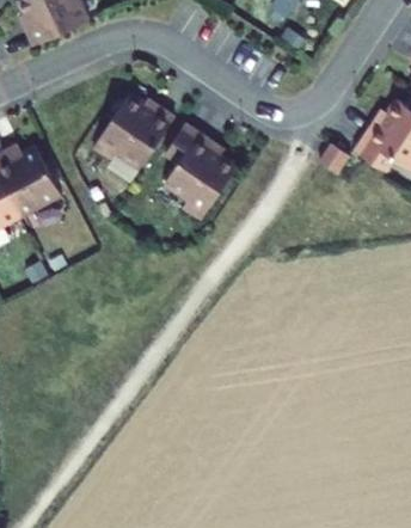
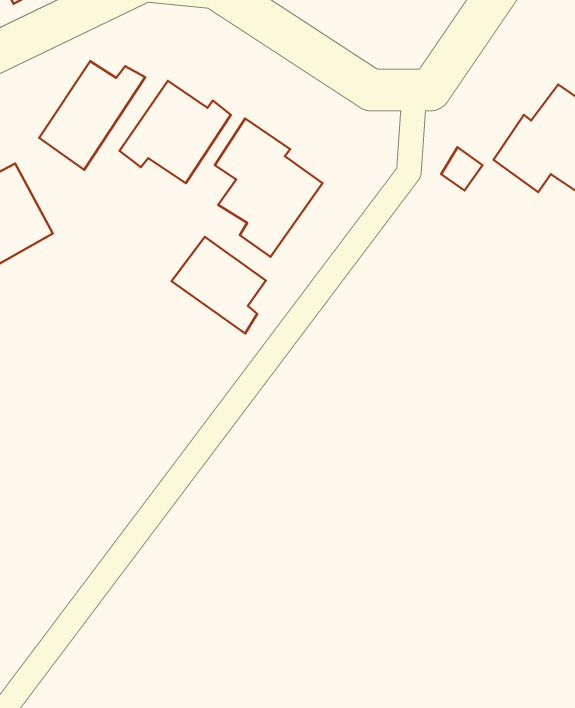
building: none -> [39,61,145,170]
building: none -> [171,237,266,333]

